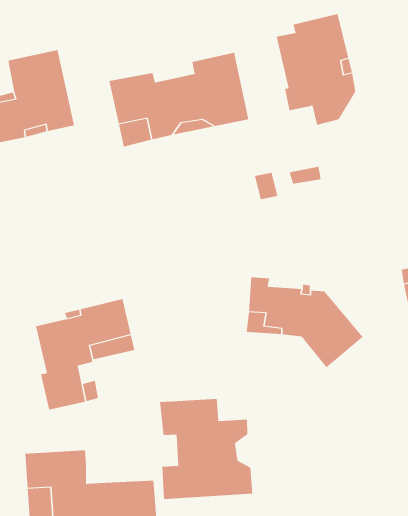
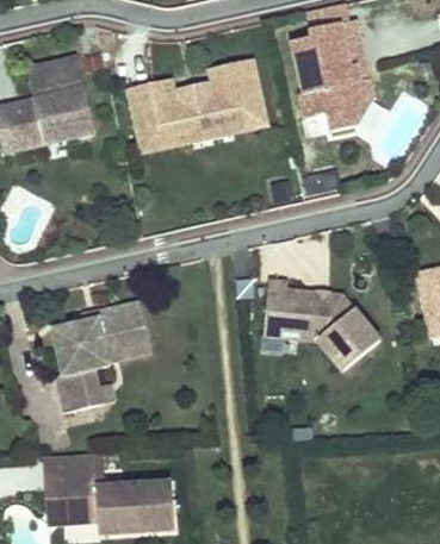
building: [160,398,253,500] -> none

